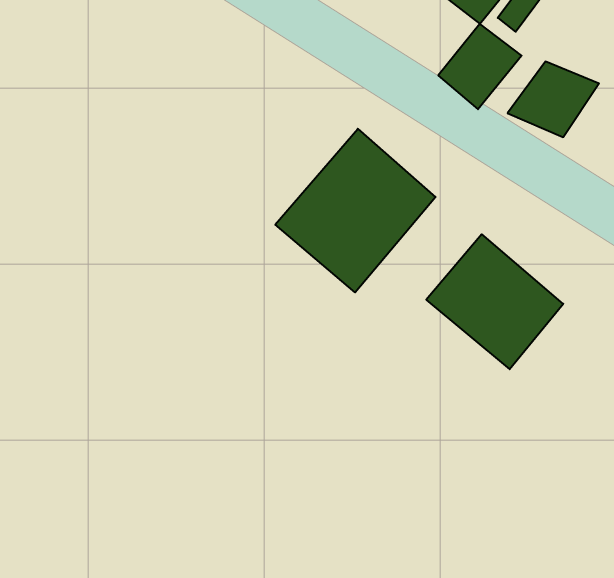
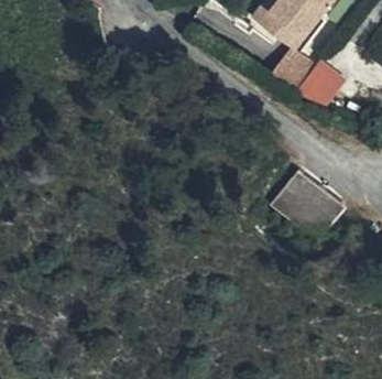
building: [275,129,436,292] -> none

